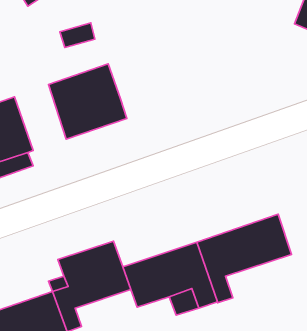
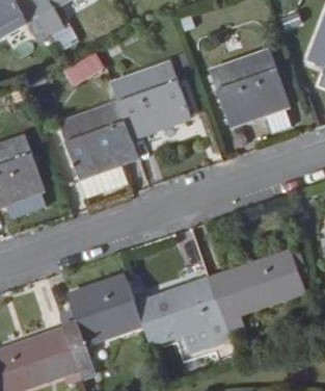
building: none -> [208,48,287,124]
building: none -> [111,61,189,135]

